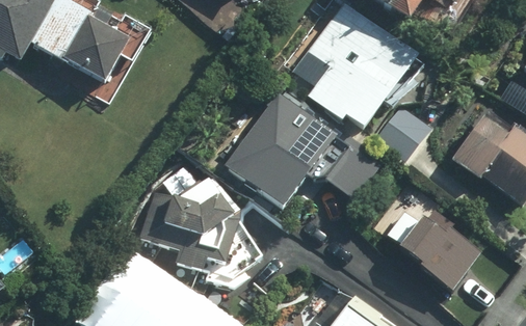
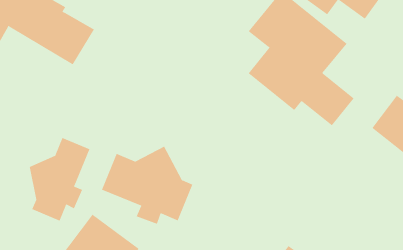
building: [221,90,378,211] -> none
building: none -> [29,137,90,221]
building: [383,205,478,287] -> none

